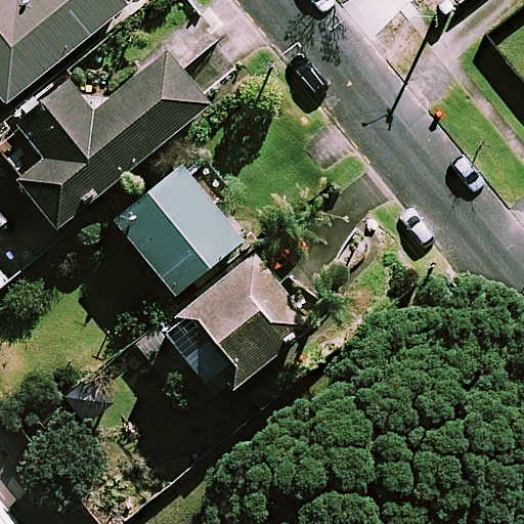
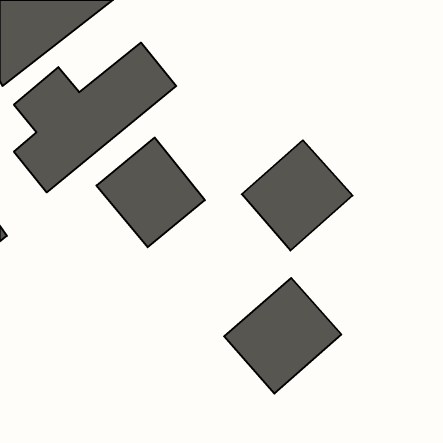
building: none -> [242,140,353,251]
building: [168,255,306,391] -> [224,278,341,394]

